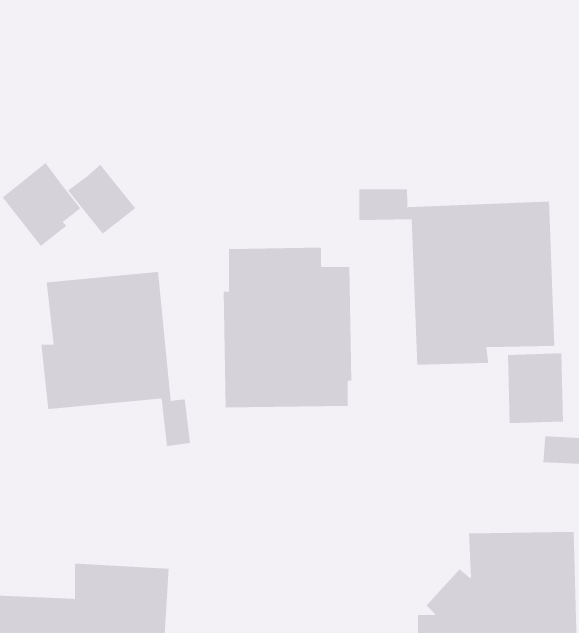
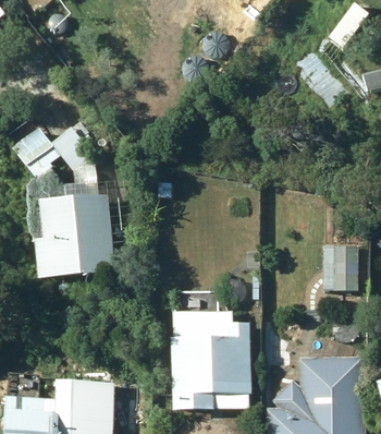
building: [359,188,555,365] -> none
building: [223,247,352,408] -> [171,310,250,409]

